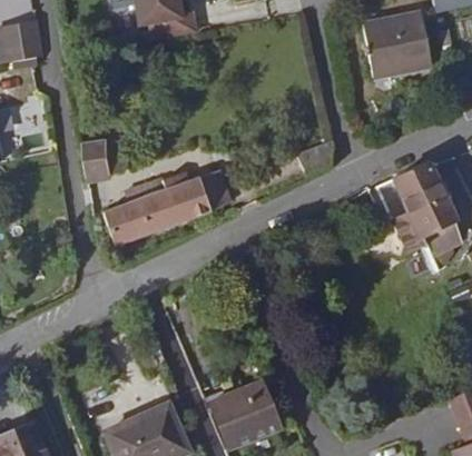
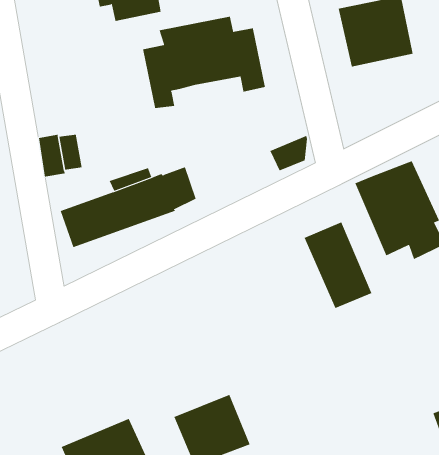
building: none -> [143,16,265,109]
building: none -> [304,221,372,309]

